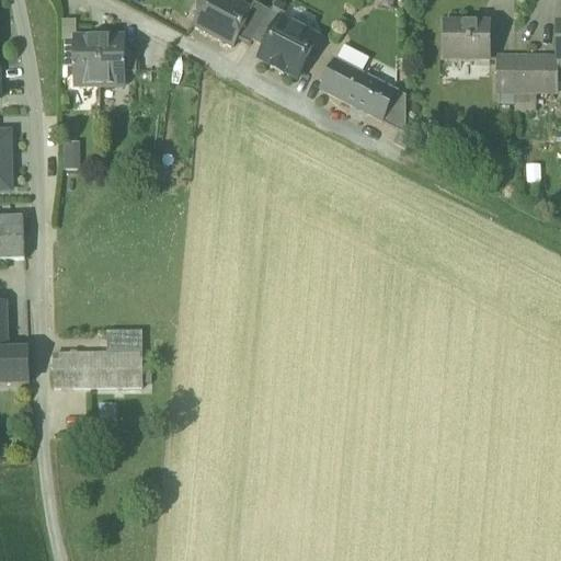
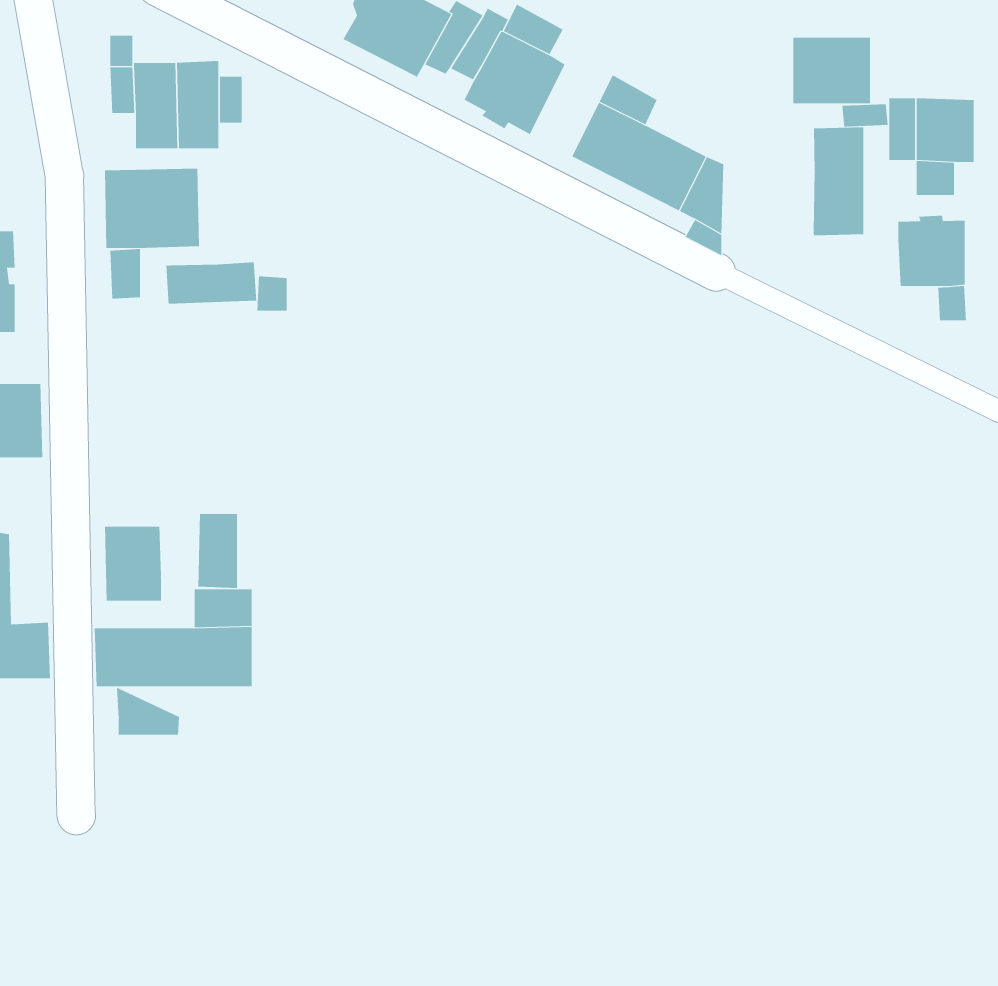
building: none -> [813,127,864,236]
building: none -> [104,168,199,249]
building: none -> [898,215,965,287]
building: none -> [166,262,257,305]
building: none -> [198,513,238,589]
building: none -> [105,526,161,602]
building: none -> [117,687,179,736]

